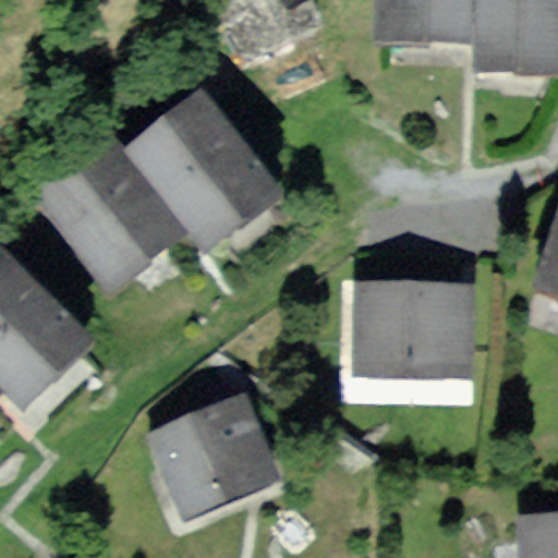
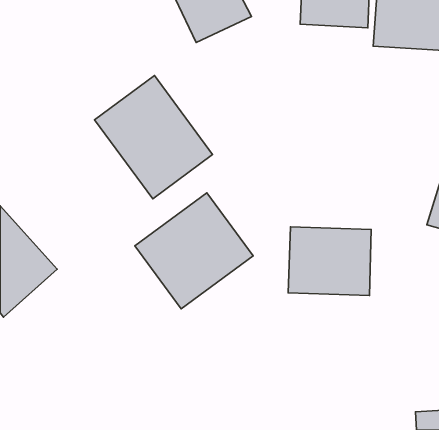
building: [37,137,177,282] -> none
building: none -> [135,193,253,309]
building: [153,393,280,519] -> none

